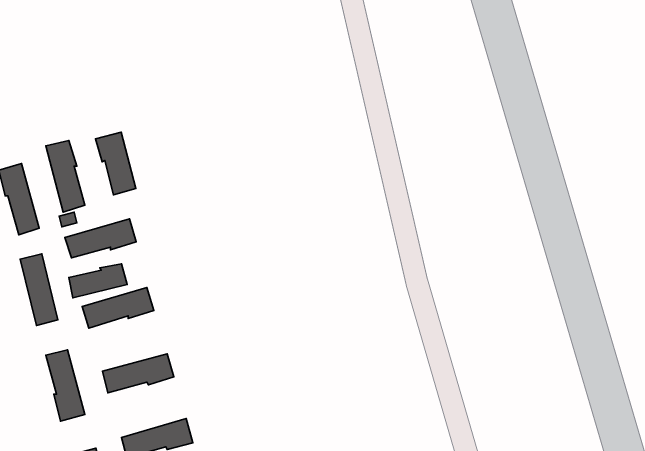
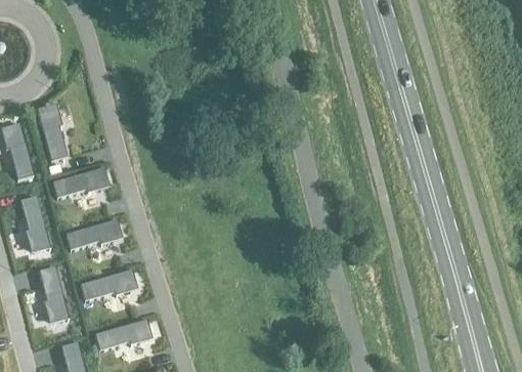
building: [95,132,136,195] -> none
building: [69,264,127,298] -> none

